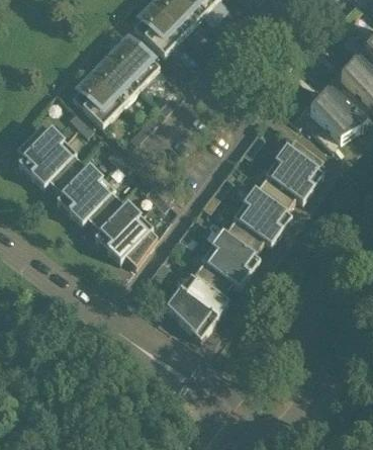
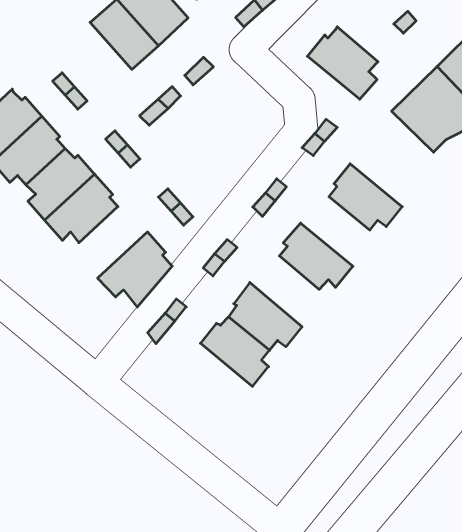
building: [72,74,122,124] -> none
building: [275,139,323,187] -> [307,27,378,99]
building: [244,183,291,230] -> none
building: [93,198,139,248] -> none
building: [211,226,260,273] -> none
building: [167,288,217,339] -> none

